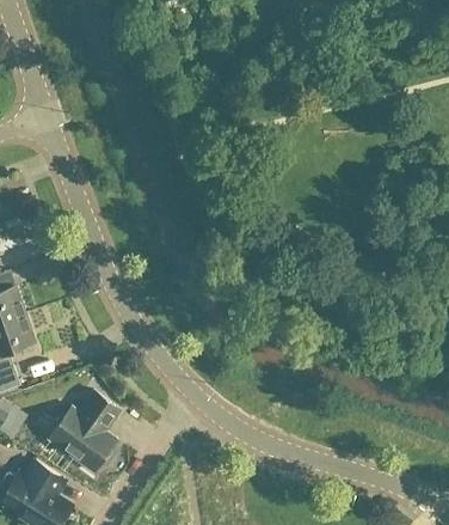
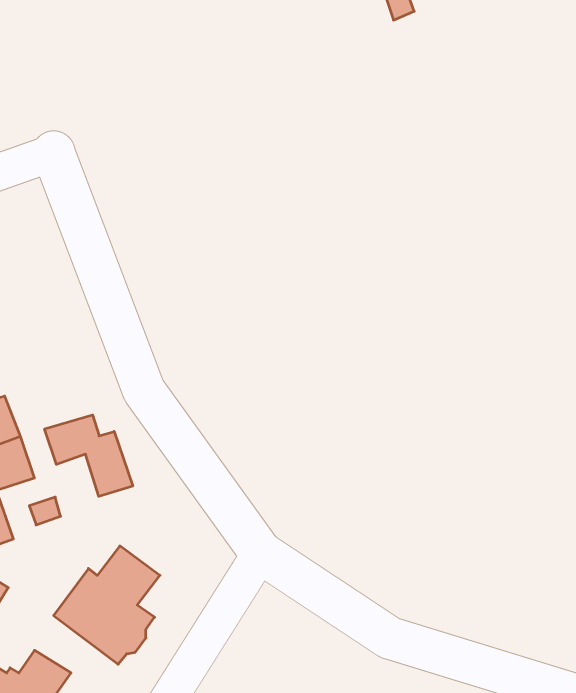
building: none -> [45,415,133,496]

